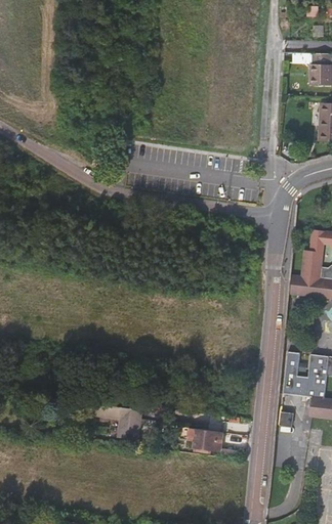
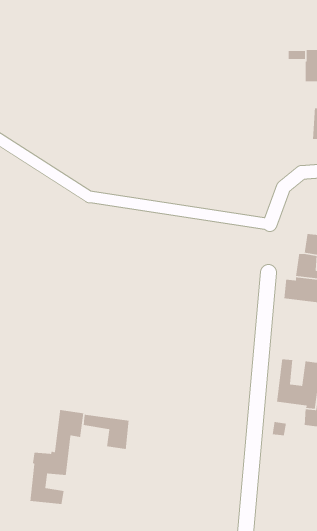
building: none -> [29,409,84,505]
building: [184,427,221,450] -> none

